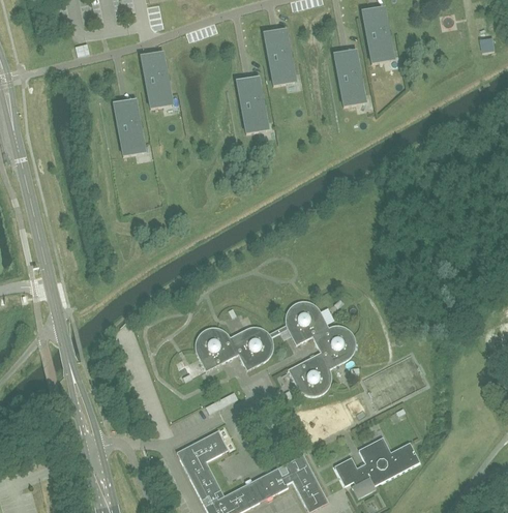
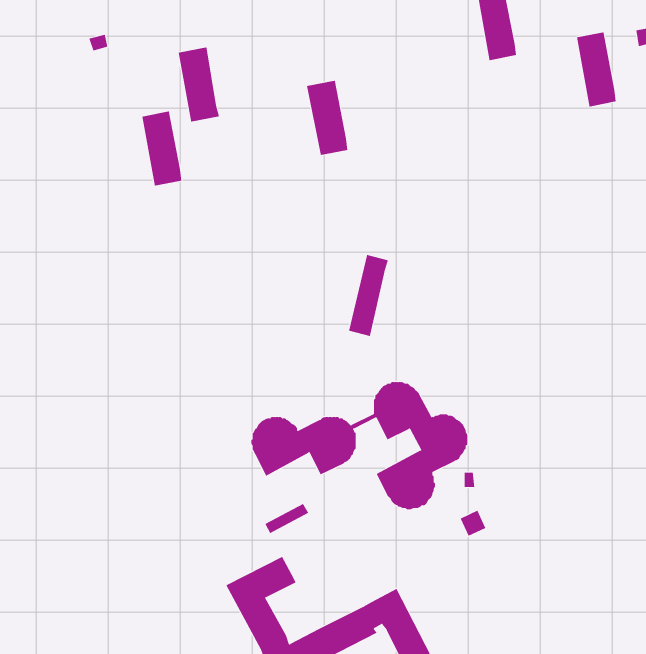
building: [264,29,295,85] -> none
building: [334,50,364,105] -> [576,32,617,107]
building: none -> [348,254,388,337]
building: [334,435,420,496] -> none

